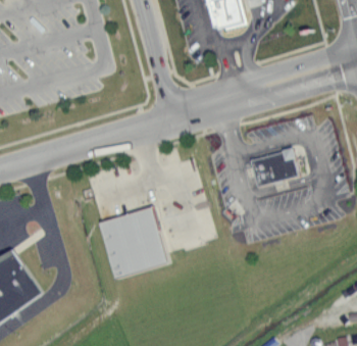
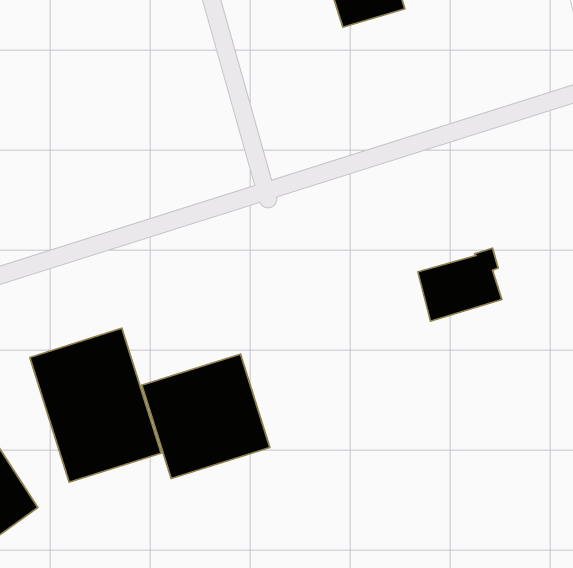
building: none -> [30,328,161,482]

